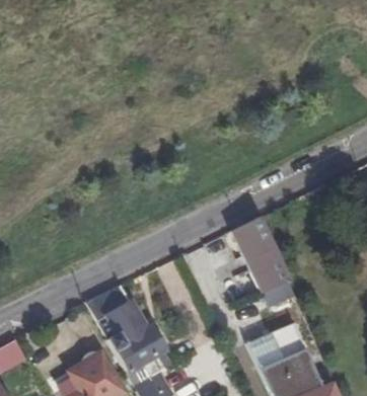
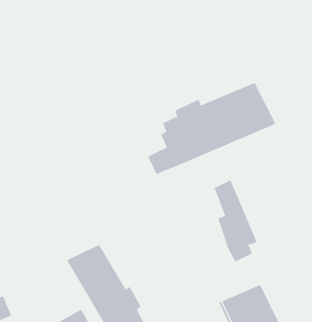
building: none -> [148,82,276,175]

